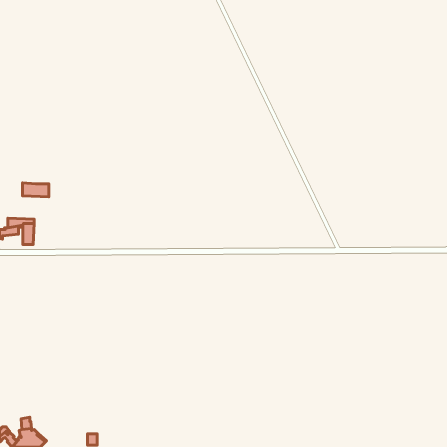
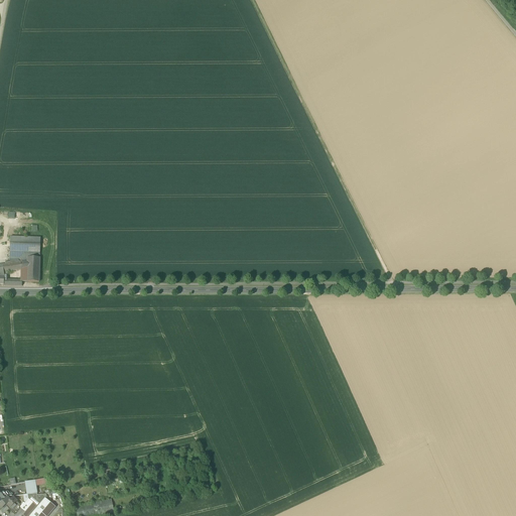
building: [23,183,49,197] -> [9,236,39,252]

